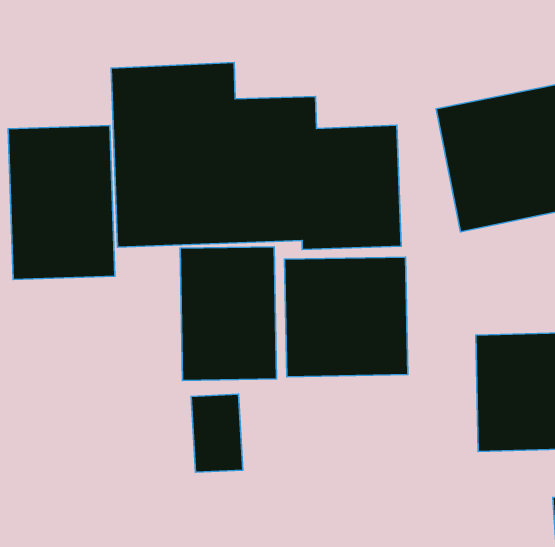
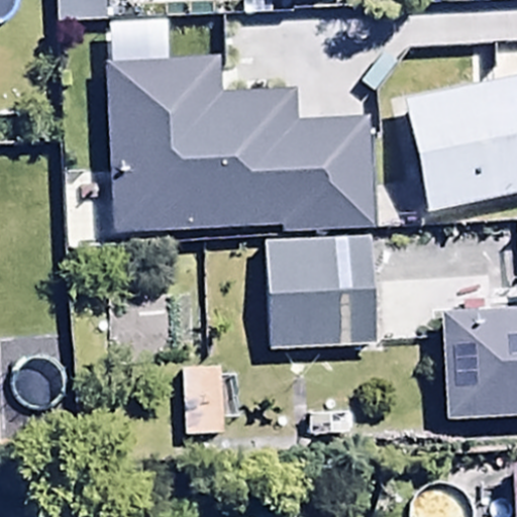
building: [8,125,115,280] -> none
building: [180,247,276,380] -> none

